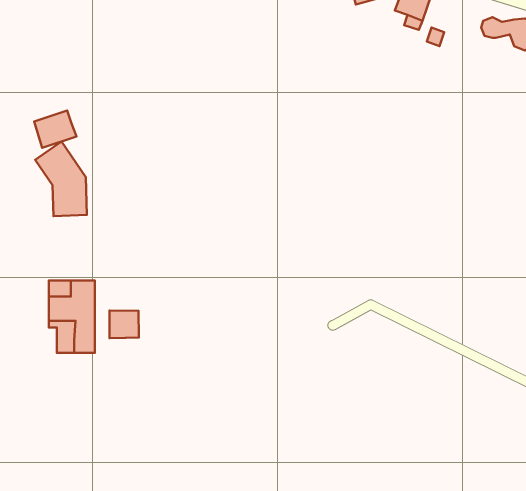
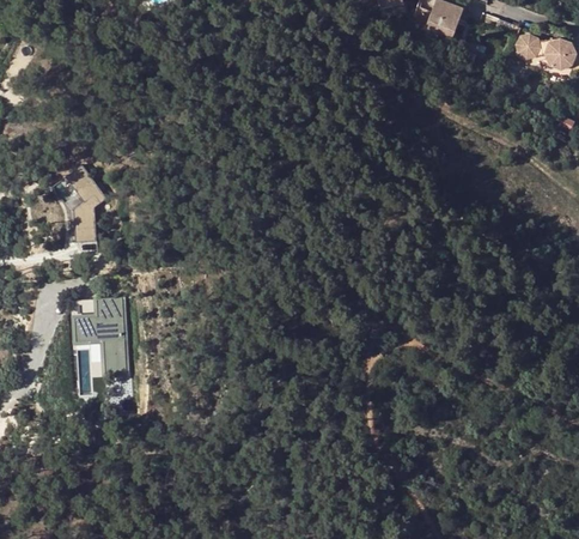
building: [34,110,76,148] -> none
building: [109,311,139,338] -> none

